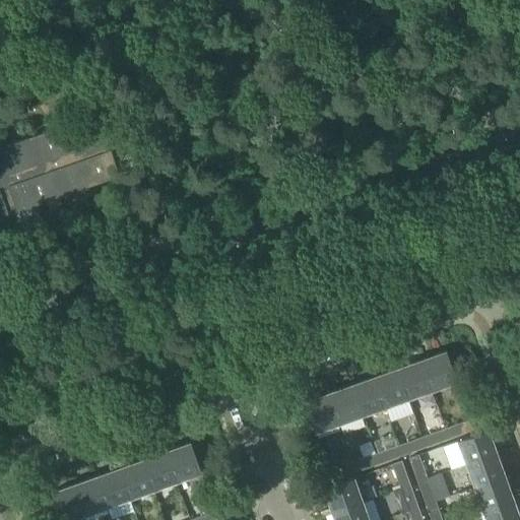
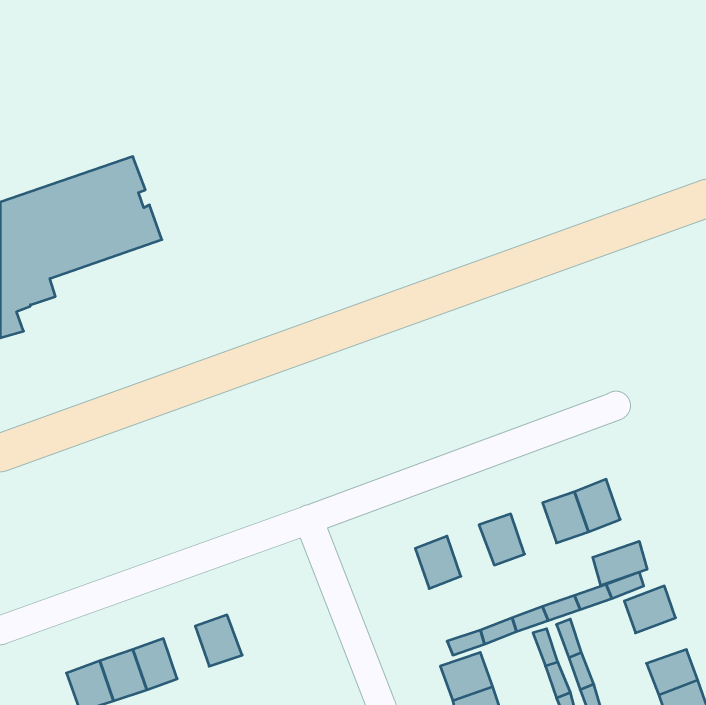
building: [376,371,409,408] -> none
building: [329,387,364,425] -> none
building: none -> [593,541,647,585]
building: [168,445,201,482] -> none
building: [467,455,505,489] -> none
building: [121,461,154,500] -> none

